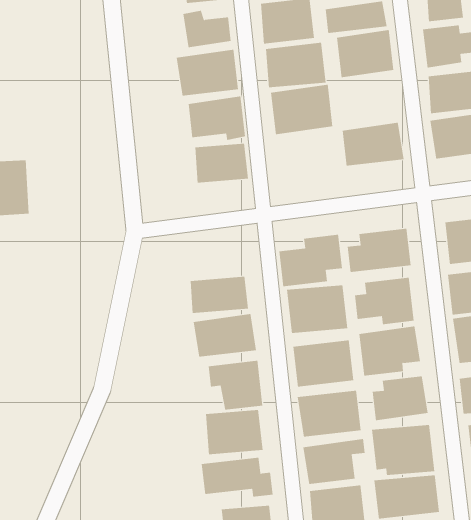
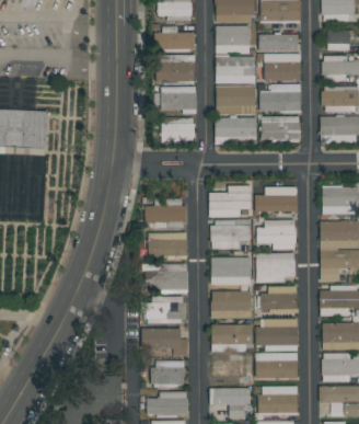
building: none -> [260,84,301,113]
building: none -> [216,118,257,141]

